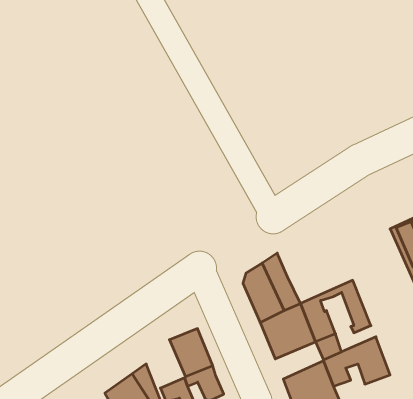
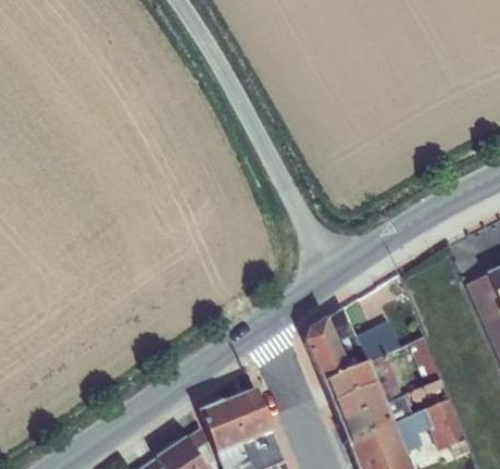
building: none -> [354,320,400,362]
building: none -> [200,402,245,454]
building: none -> [341,404,393,444]

